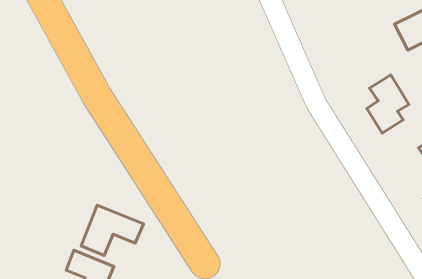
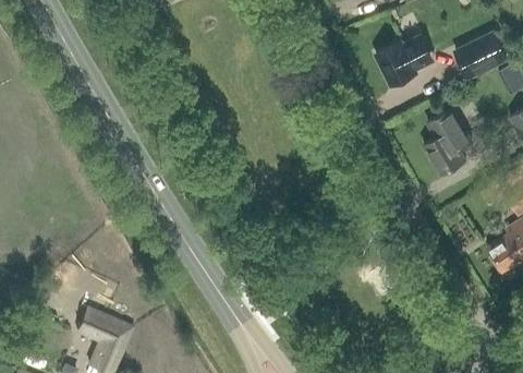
building: none -> [377,36,437,86]
building: [81,205,143,255] -> none

